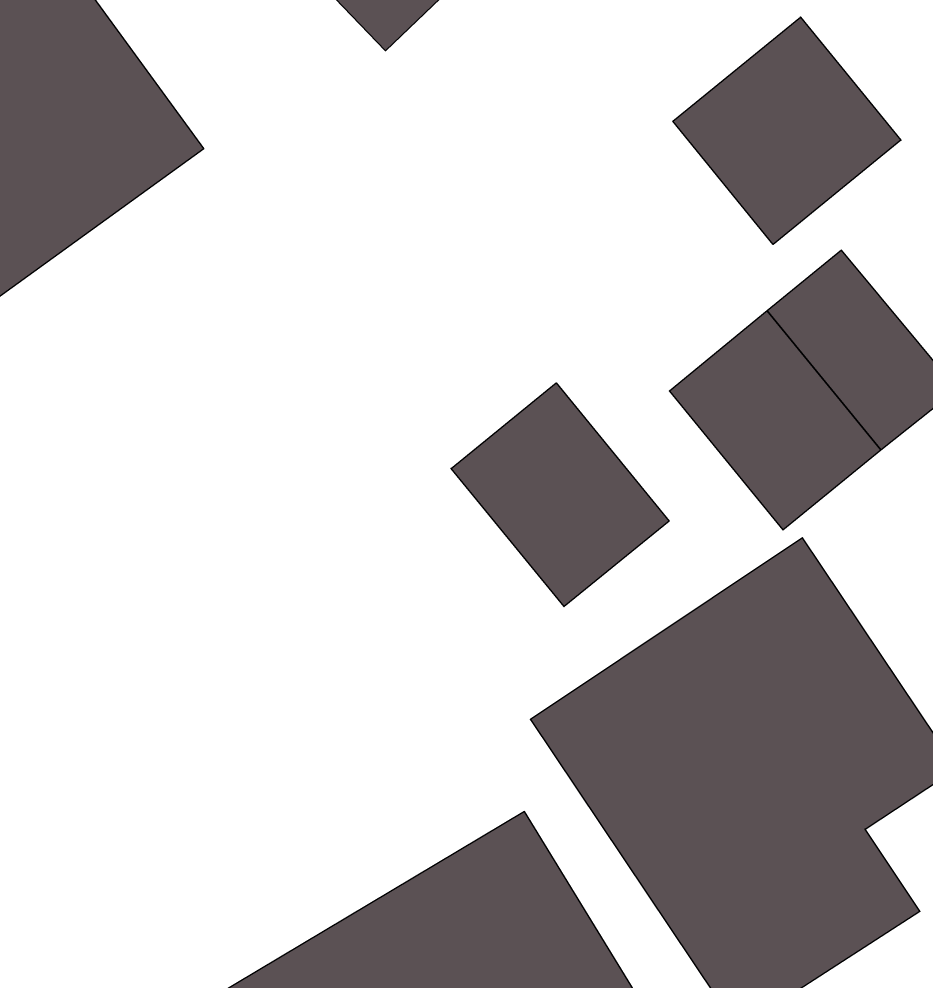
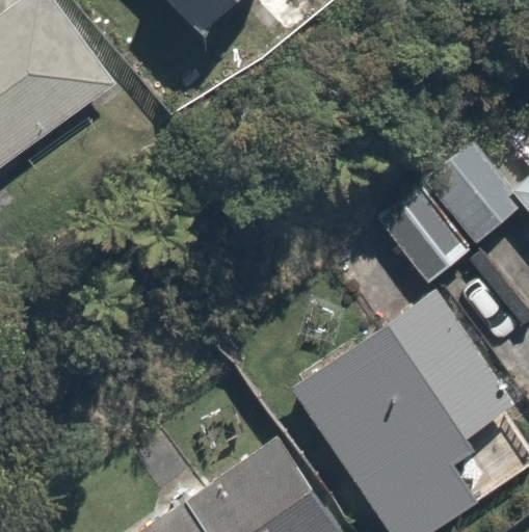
building: [673,17,901,244] -> none
building: [451,383,669,607] -> none

